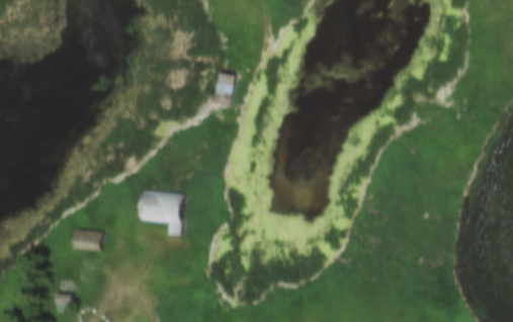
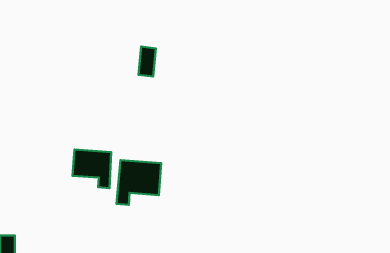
building: none -> [116,160,161,205]
building: [71,229,101,251] -> none

